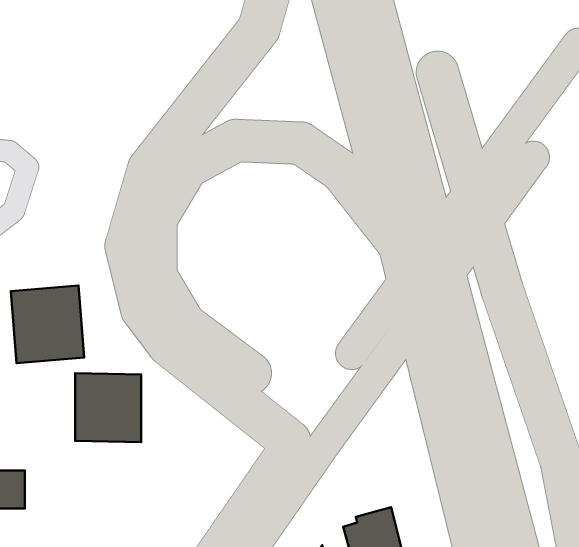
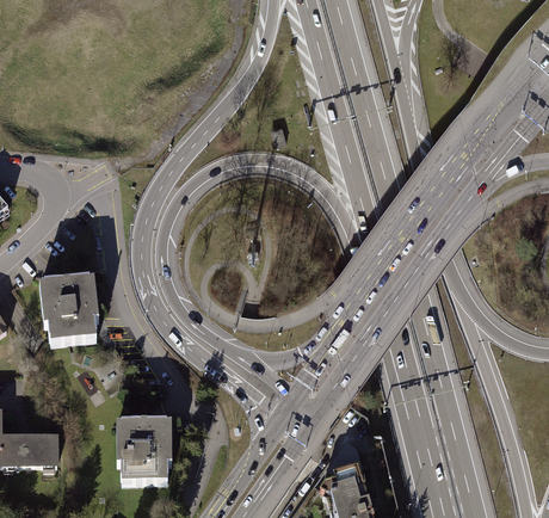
building: [75,373,141,442] -> [118,423,174,481]

